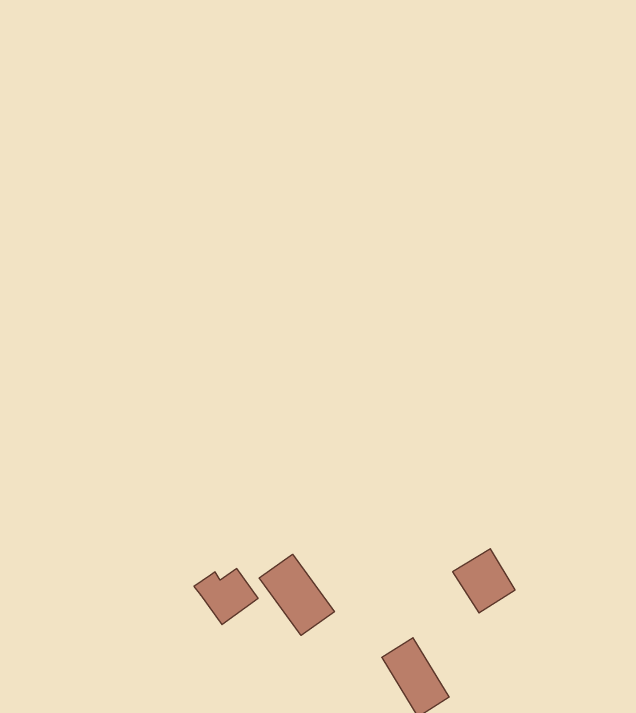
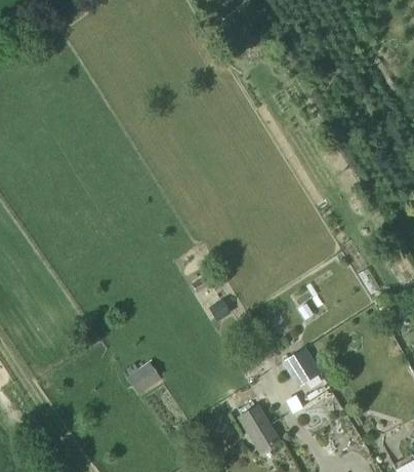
building: [259,554,334,635] -> none

